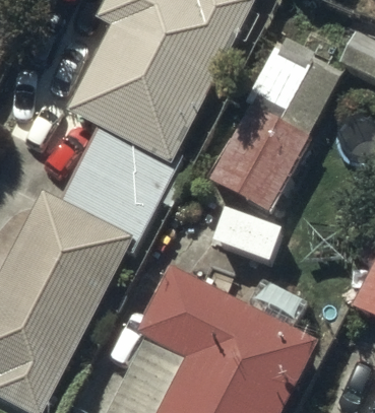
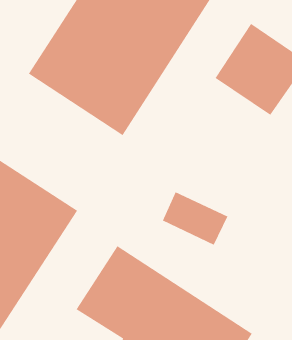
building: [208,101,309,207] -> none
building: [61,130,172,235] -> none

